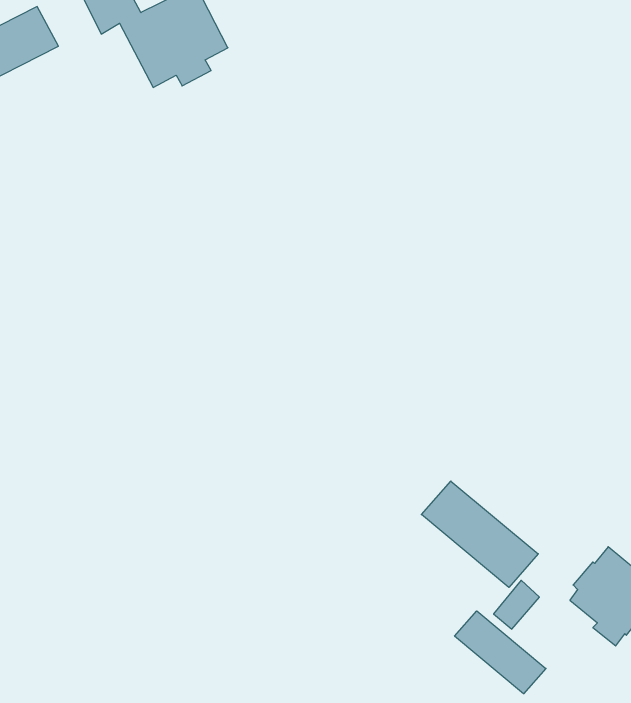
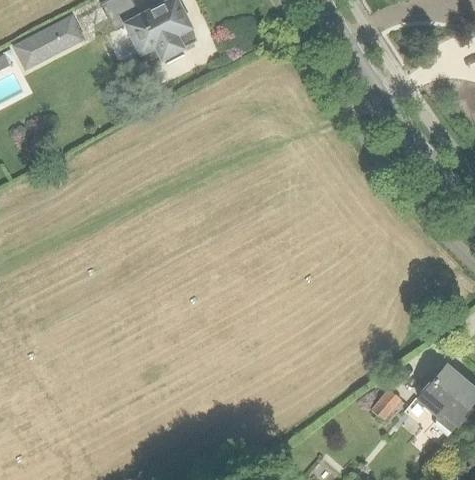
building: [421,481,538,587] -> none
building: [455,611,546,694] -> none

